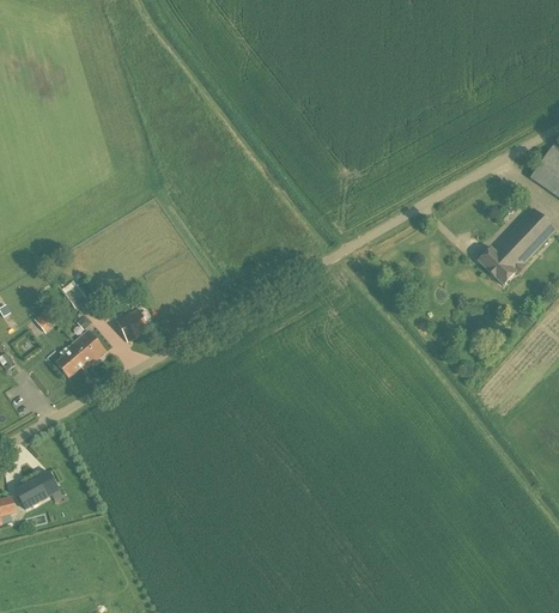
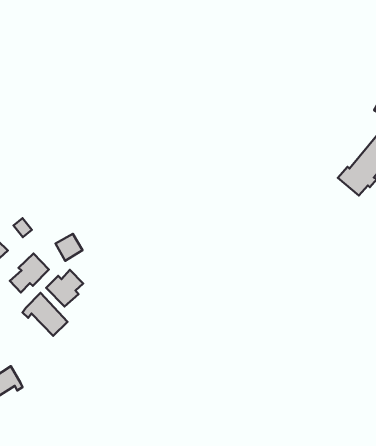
building: none -> [46,270,83,307]
building: none -> [22,293,68,336]

